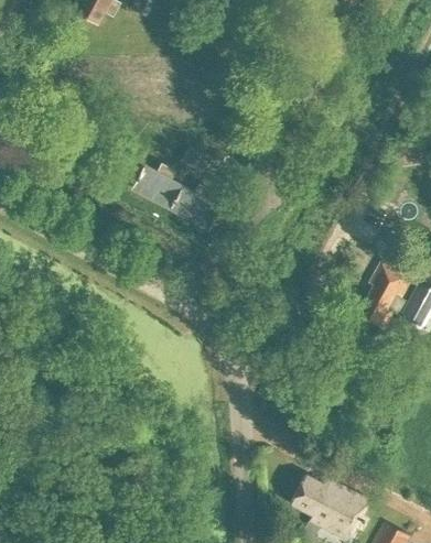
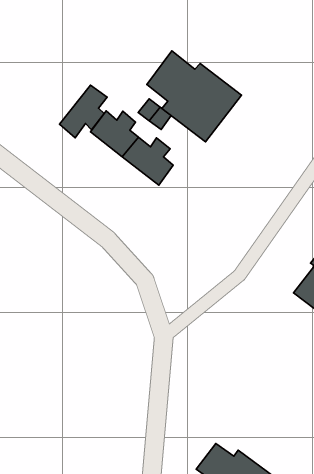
building: none -> [147,51,241,142]
building: none -> [59,85,107,138]

